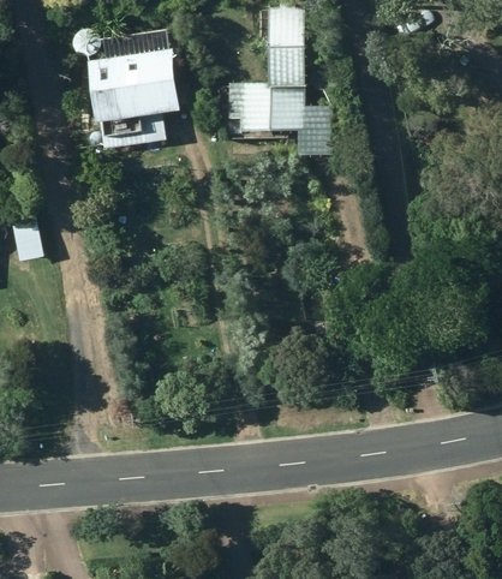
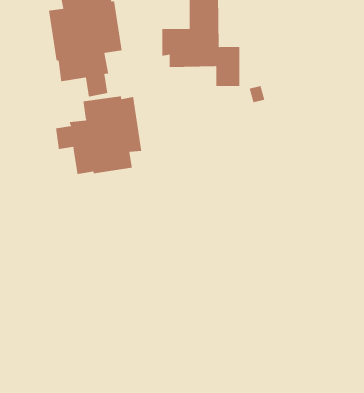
building: none -> [56,95,142,175]

